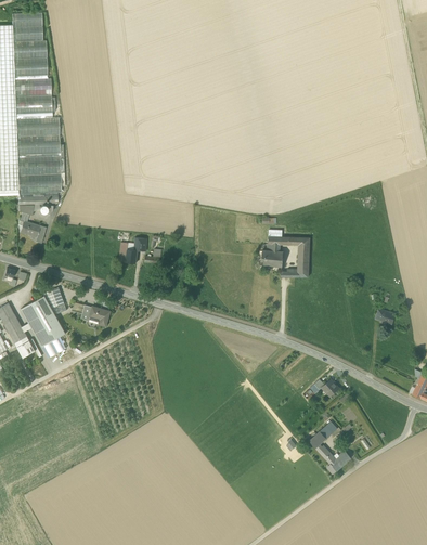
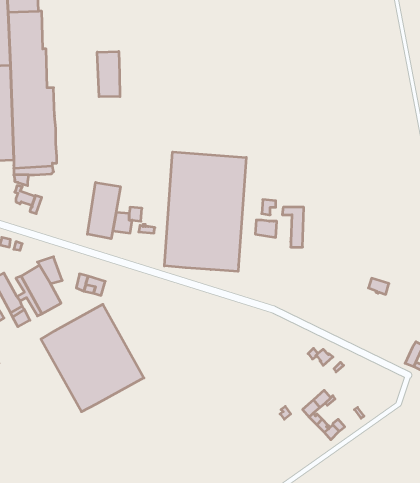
building: none -> [97,51,120,97]
building: none -> [164,152,246,271]
building: none -> [87,182,120,239]
building: none -> [41,304,144,412]

